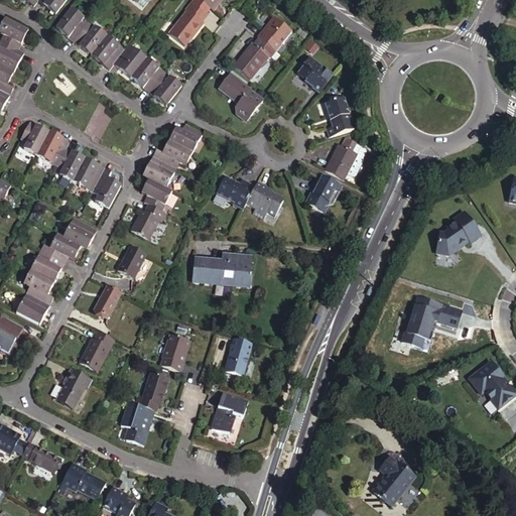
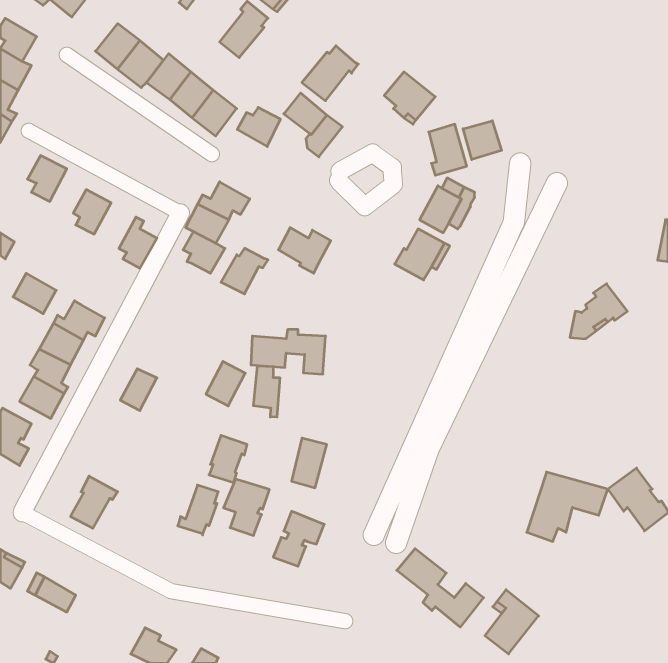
building: [56,4,91,39] -> none
building: [256,14,292,48] -> none
building: none -> [463,121,502,160]
building: [169,123,203,153] -> [237,107,280,147]
building: [38,130,70,164] -> none
building: [73,156,105,191] -> none
building: [246,182,282,218] -> none
building: [129,203,165,238] -> [221,248,268,294]
building: [62,217,96,248] -> [13,273,56,314]
building: [115,245,145,279] -> [206,361,245,406]
building: none -> [253,366,280,417]
building: [401,292,464,346] -> [527,472,608,541]
building: [81,331,115,370] -> none
building: [121,403,156,446] -> [224,479,269,535]
building: none -> [397,549,484,627]
building: [57,462,104,501] -> none

